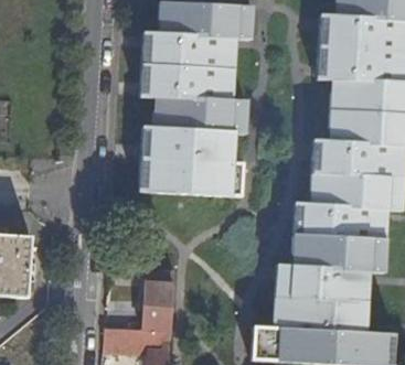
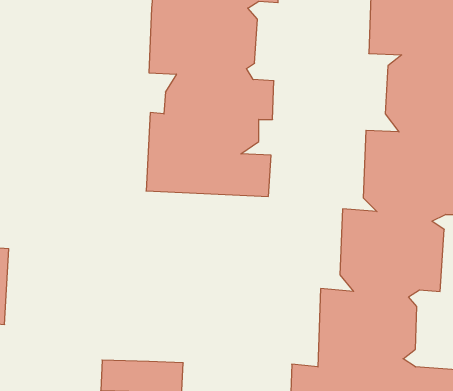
building: [141,267,173,328] -> none

